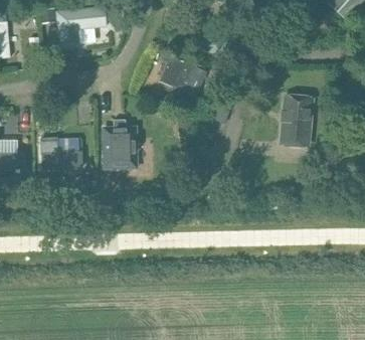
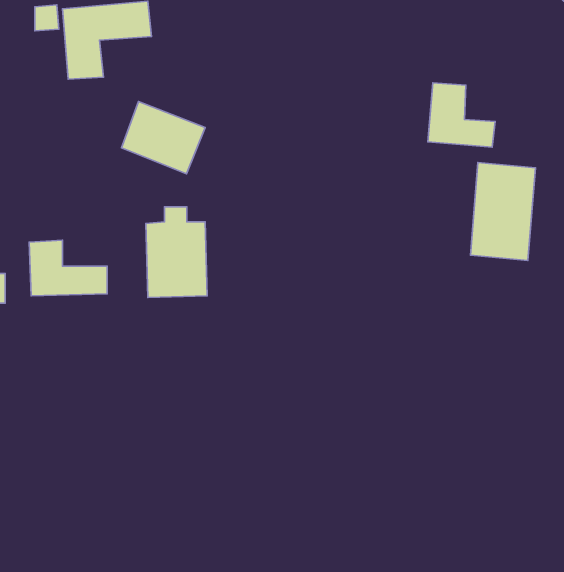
building: none -> [428,83,495,147]
building: [160,54,205,94] -> [122,102,205,174]

